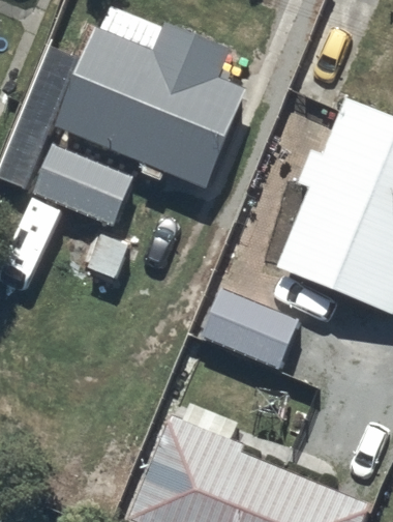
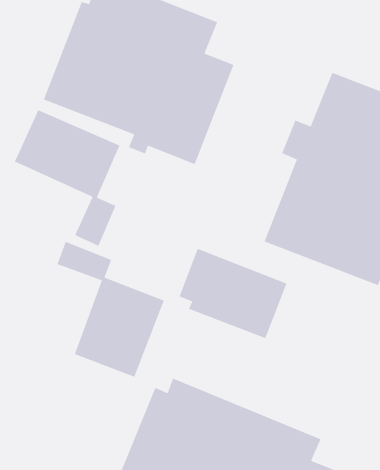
building: none -> [56,241,165,378]

